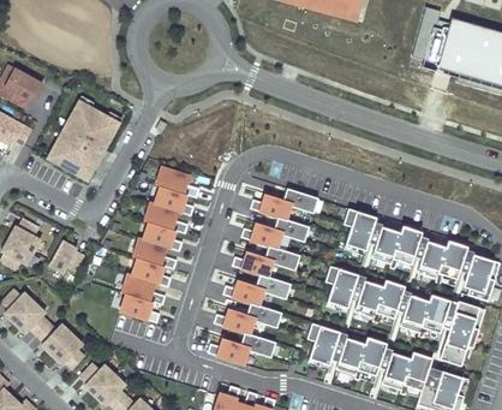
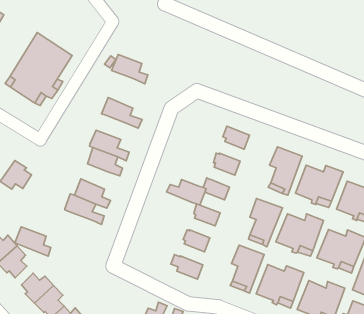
building: [154,185,193,215] -> [112,54,148,84]
building: [250,192,292,220] -> none
building: [240,221,282,248] -> none
building: [132,237,177,268] -> none
building: [222,279,264,305] -> none
building: [119,292,159,322] -> [15,227,51,256]
building: [213,308,255,334] -> none
building: [207,337,249,363] -> none

